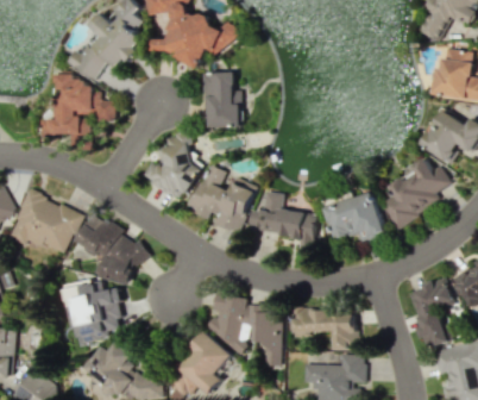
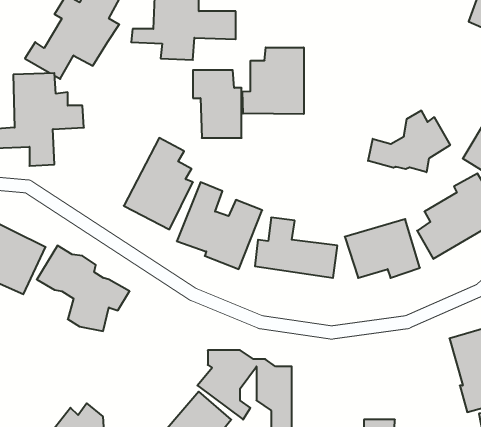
building: none -> [243,47,304,114]
building: none -> [368,110,450,172]
building: [65,279,125,344] -> none
building: [290,306,357,350] -> none

